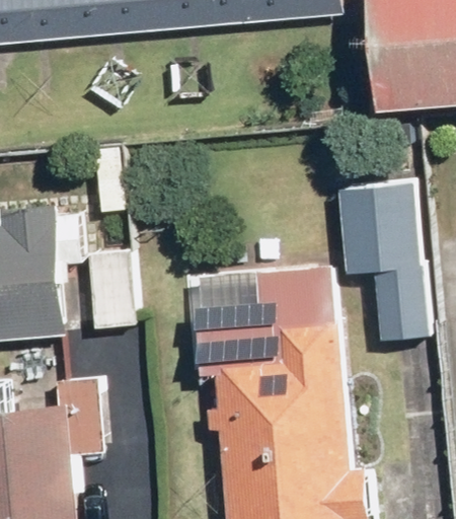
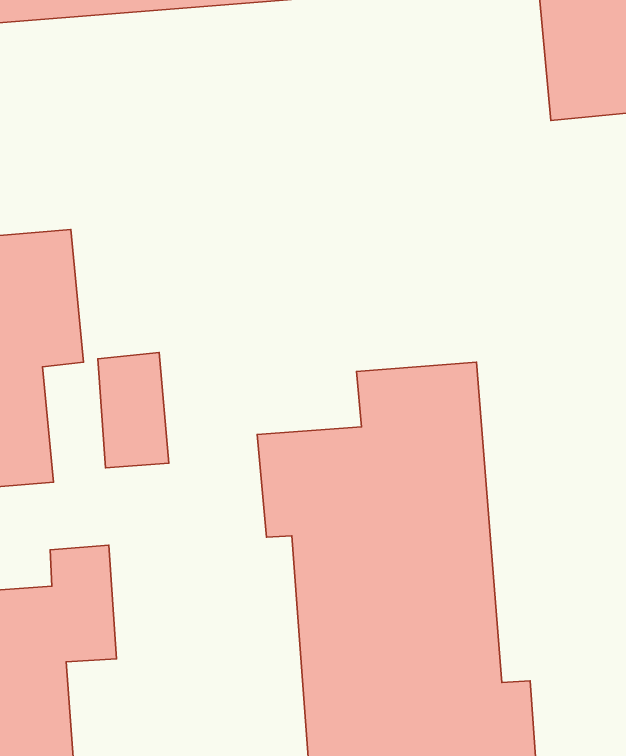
building: [338,206,427,340] -> none

